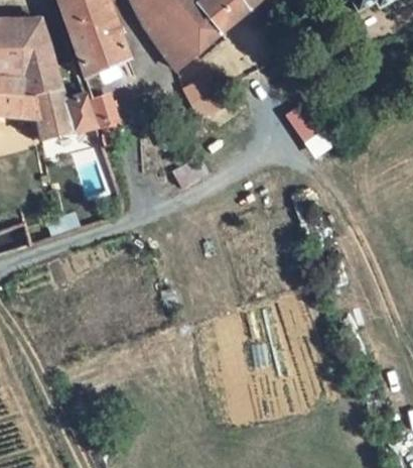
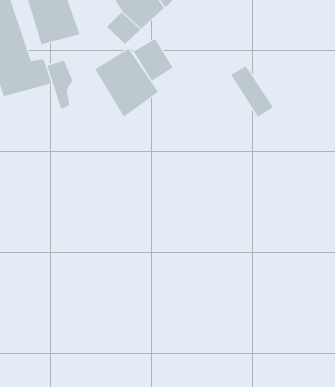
building: none -> [95,48,159,118]

